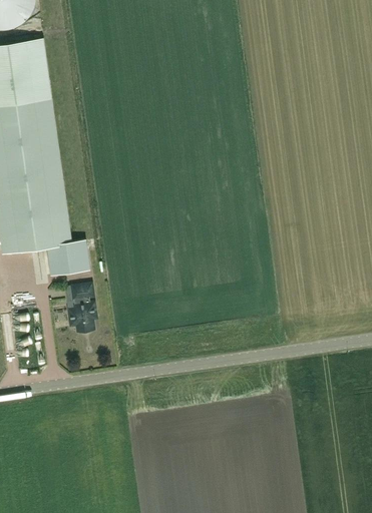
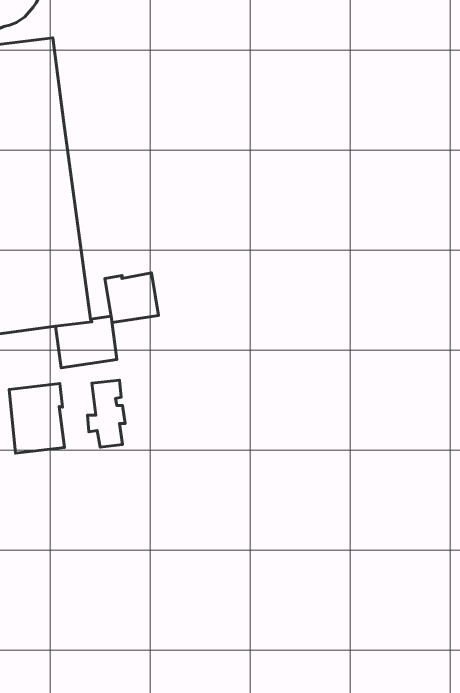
building: none -> [105,273,158,322]
building: none -> [9,383,65,453]

